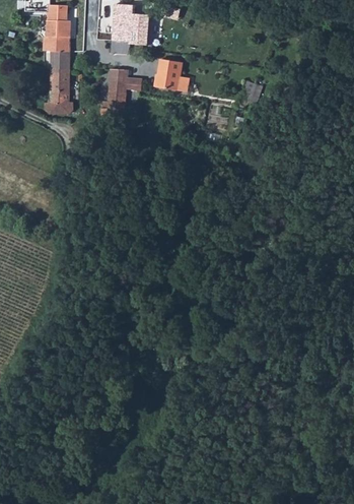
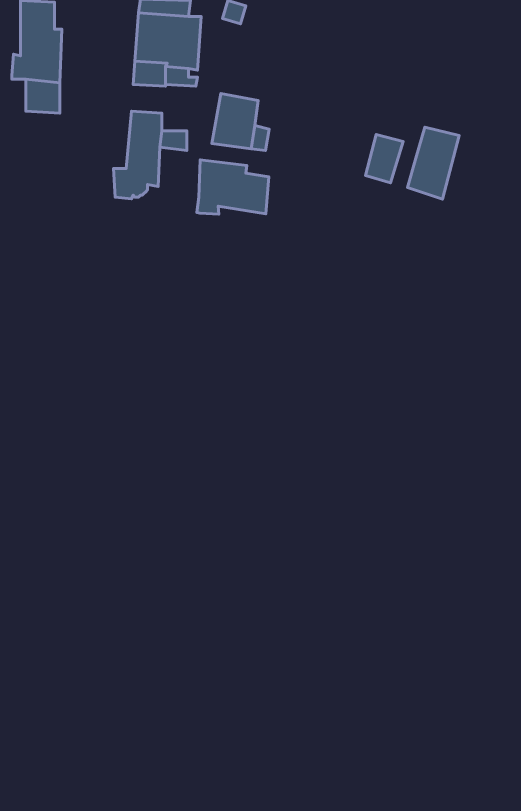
building: [49,68,69,109] -> none
building: none -> [407,127,459,199]
building: none -> [197,160,269,214]

